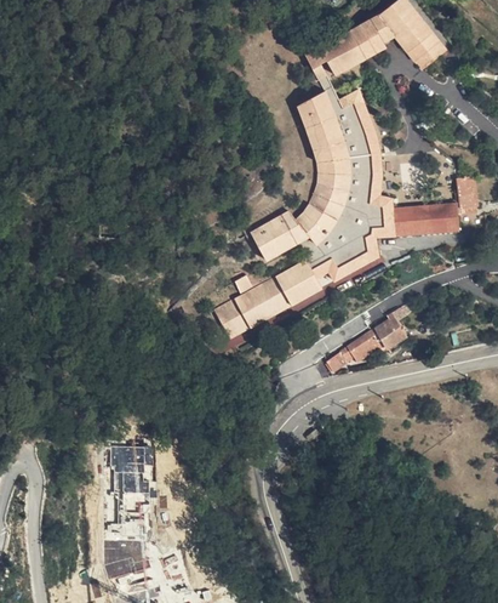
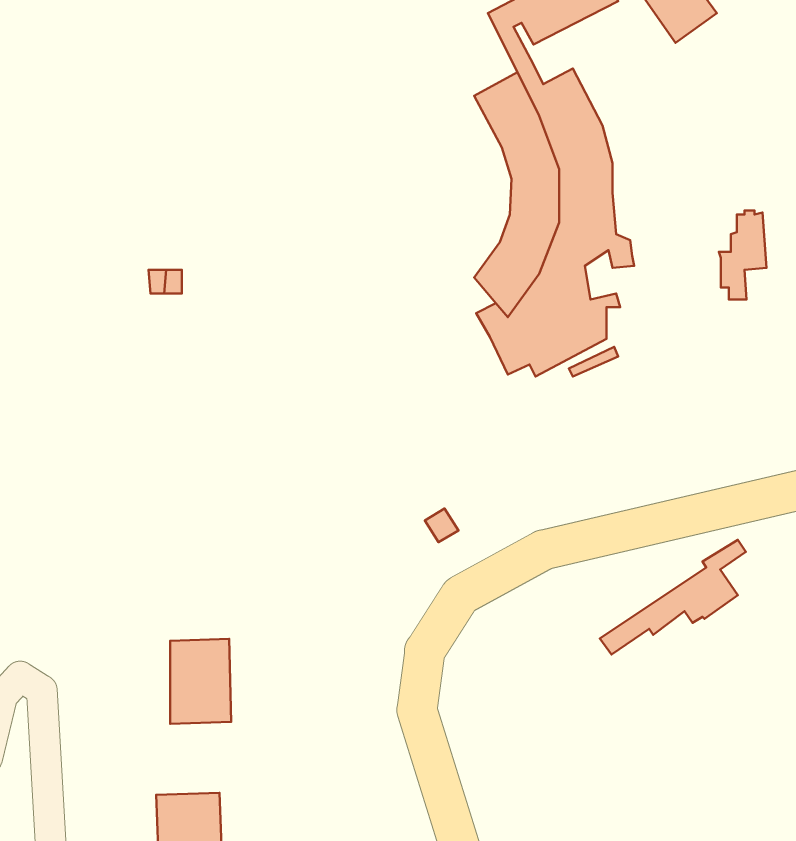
building: [365,203,453,238] -> none
building: [253,211,310,258] -> none
building: [214,256,322,335] -> none
building: [322,301,412,371] -> [600,540,746,654]

